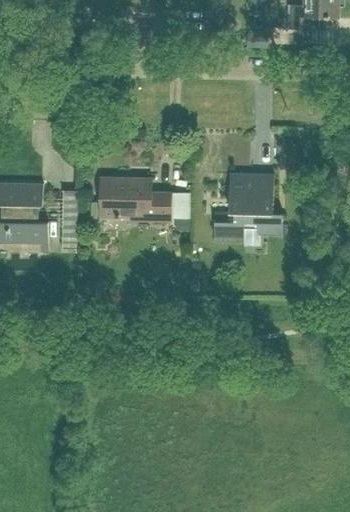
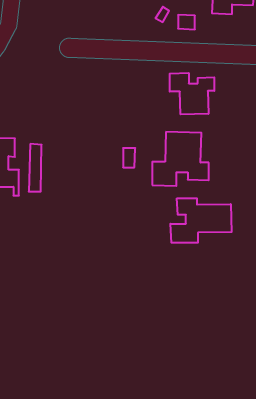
building: none -> [170,73,214,114]
building: [99,177,171,219] -> none
building: none -> [170,198,232,243]

